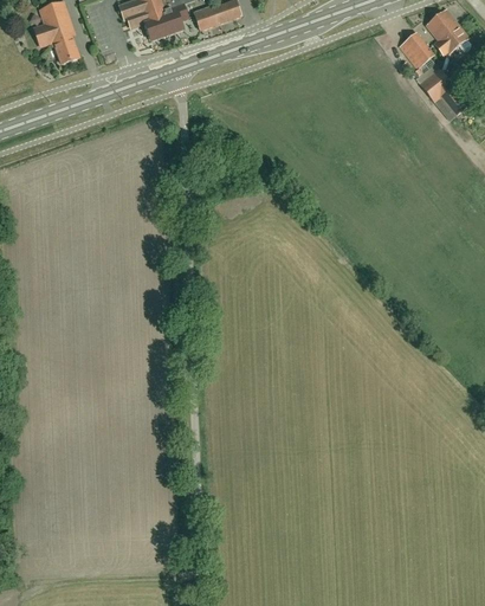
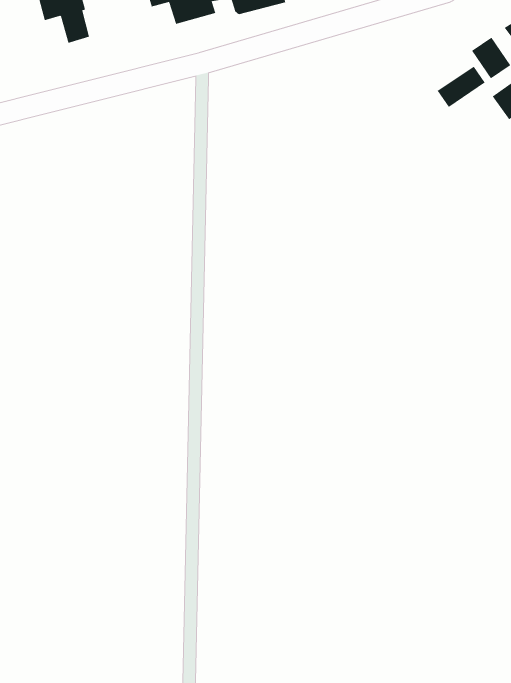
building: none -> [437,66,485,108]

